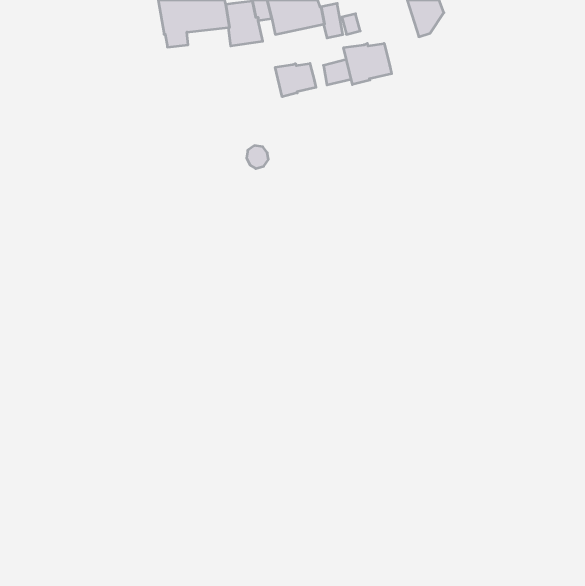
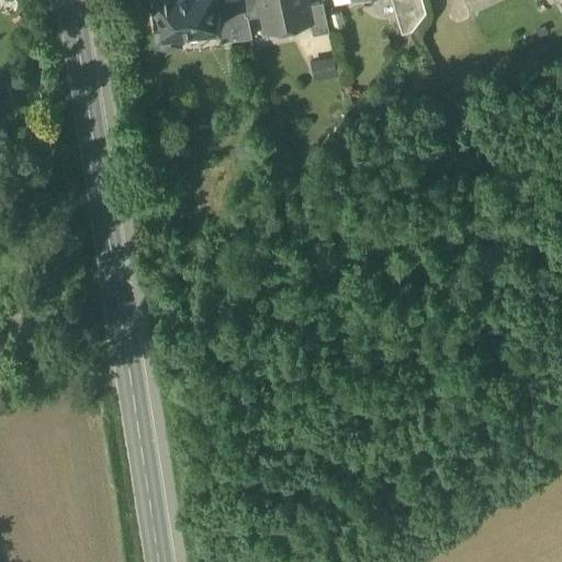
building: [344,43,392,85] -> none
building: [275,63,316,97] -> none

